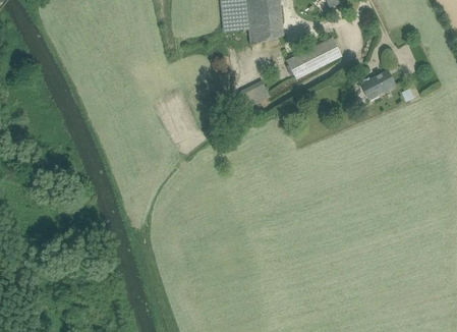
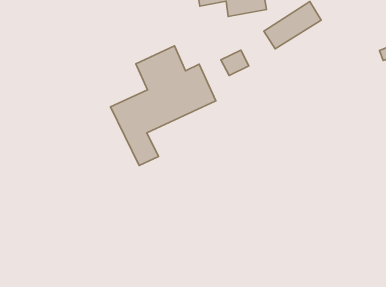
building: none -> [111,46,216,166]
building: [367,70,395,96] -> none

